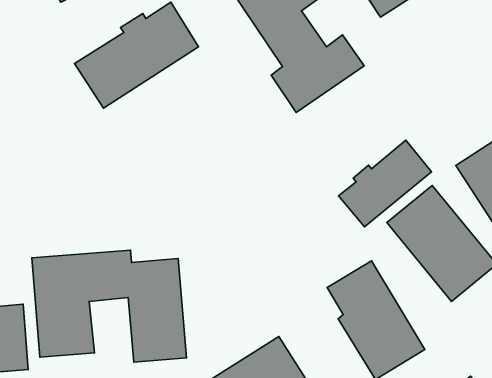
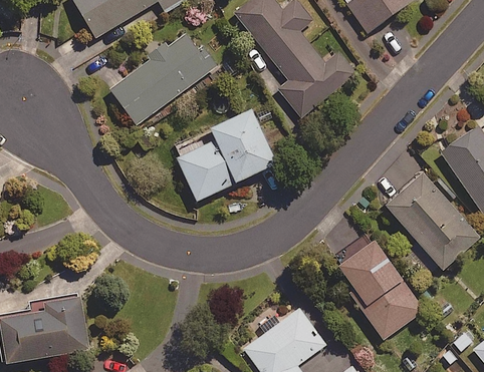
building: none -> [176,109,275,201]
building: [339,140,431,227] -> none
building: [32,250,186,362] -> none

